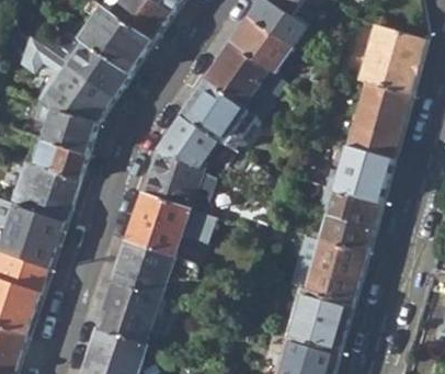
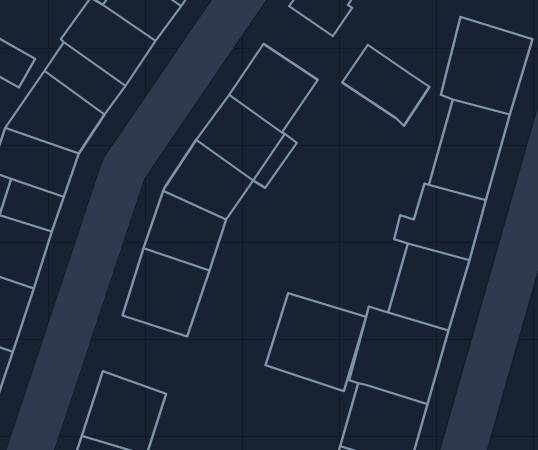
building: [230,15,294,75] -> [342,45,429,126]
building: none -> [265,293,366,391]
building: [113,241,174,298] -> none

